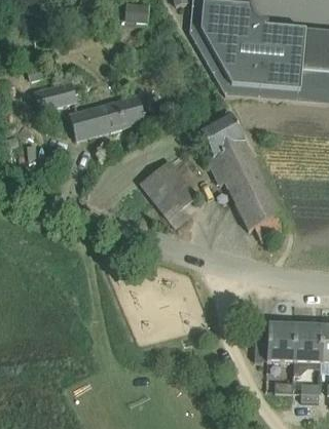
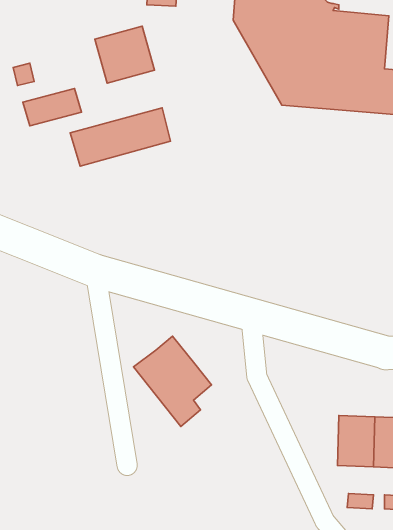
building: none -> [95,26,154,83]
building: [199,113,287,238] -> none
building: [140,159,197,226] -> [134,336,211,427]

